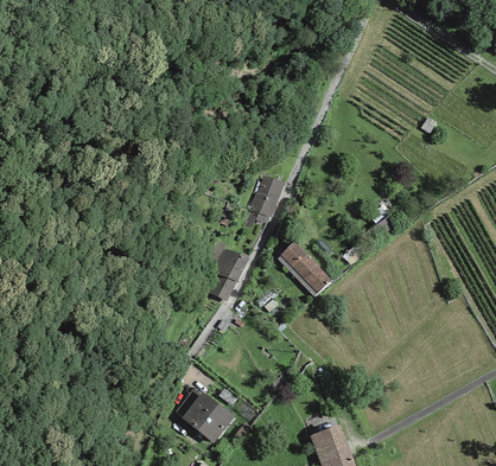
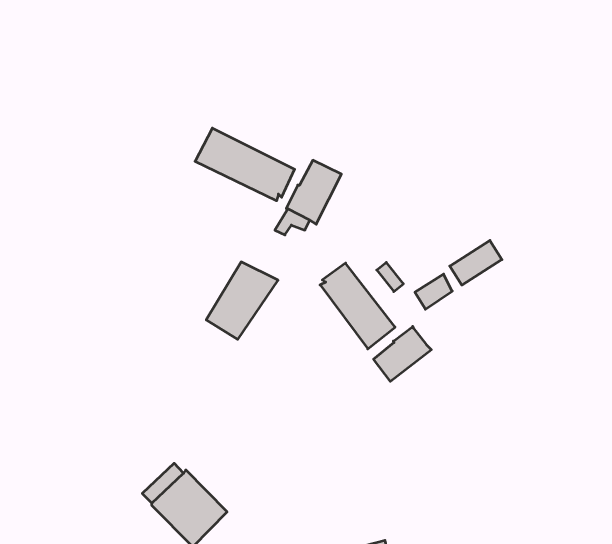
building: none -> [195,128,295,201]
building: none -> [374,326,431,381]

